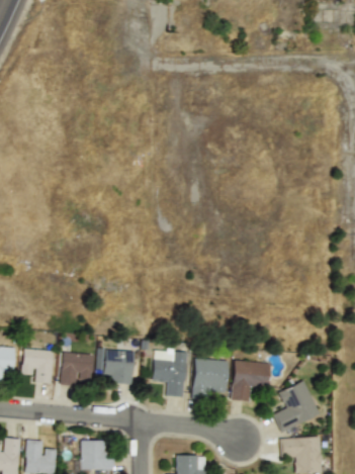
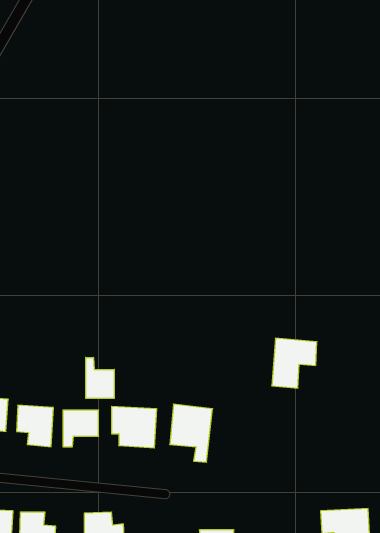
building: none -> [86,357,114,398]
building: [192,358,229,398] -> none
building: [232,360,270,402] -> [272,338,317,388]
building: [274,380,321,433] -> none

